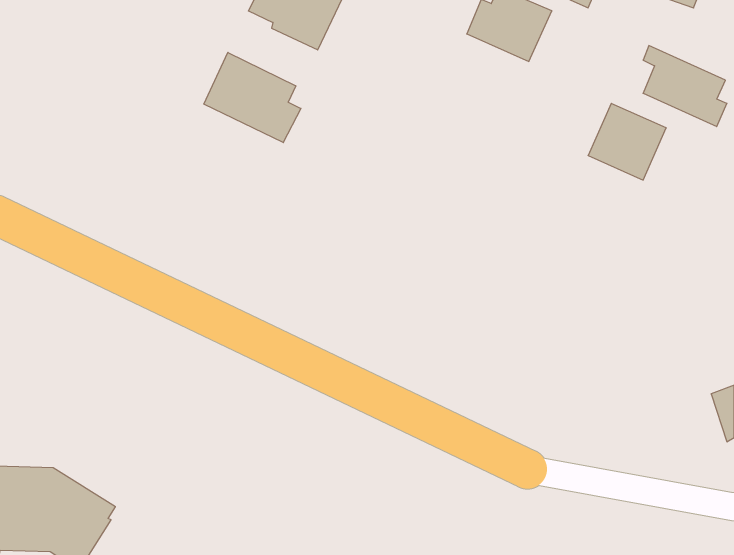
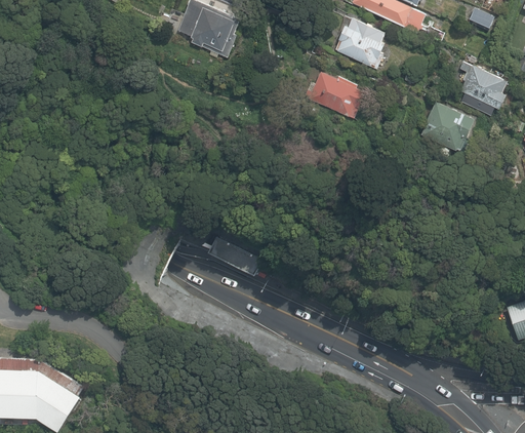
building: [204,52,301,143] -> none
building: none -> [300,70,367,119]
building: none -> [208,237,260,274]

